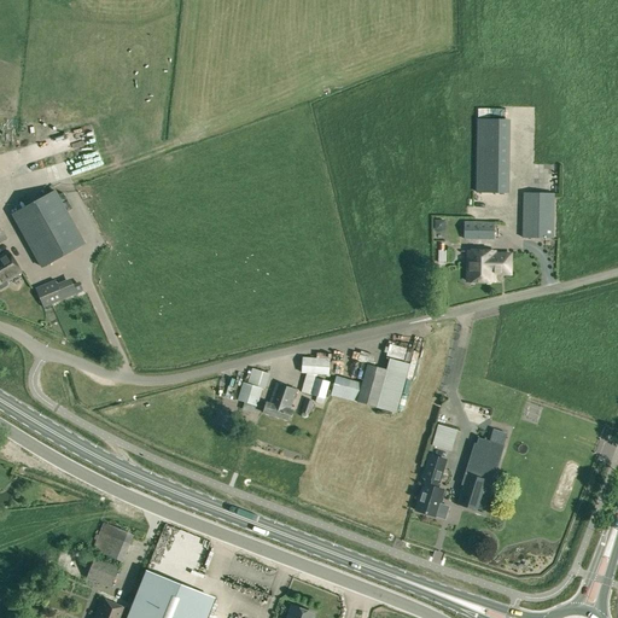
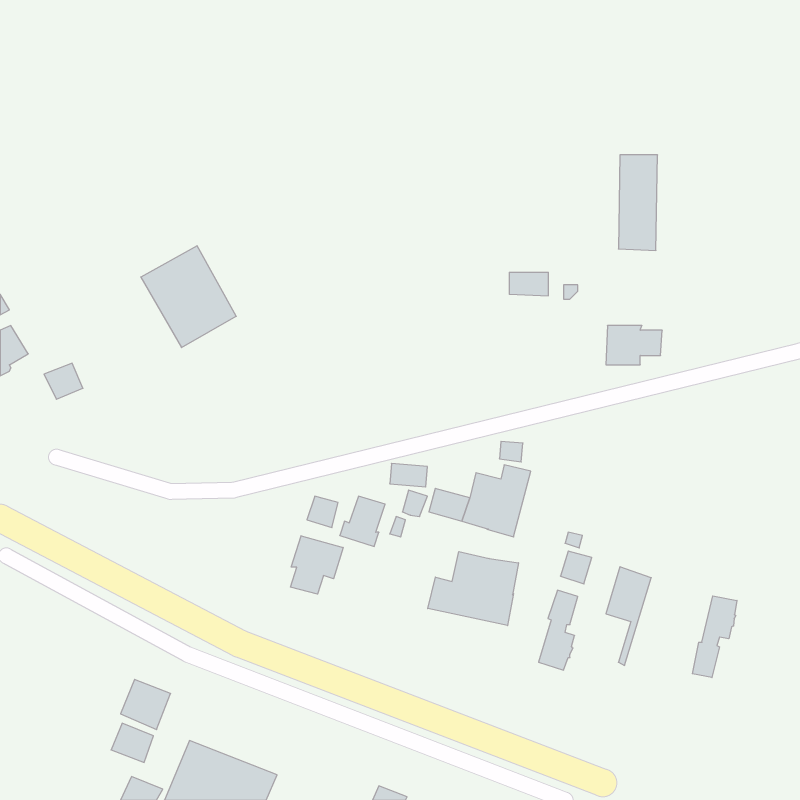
building: [14,187,88,266] -> [141,246,236,348]
building: [523,193,554,239] -> none
building: [464,222,494,240] -> [509,272,548,296]
building: none -> [290,536,343,594]
building: none -> [428,552,518,626]
building: none -> [692,596,737,678]
building: [457,473,486,511] -> none

